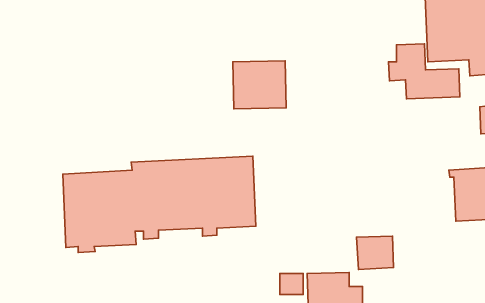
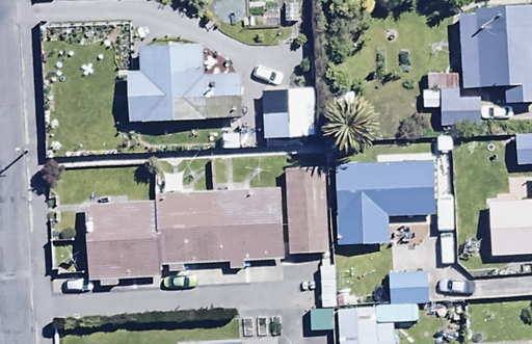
building: none -> [127,43,243,122]
building: none -> [334,159,433,242]
building: none -> [286,165,329,253]

